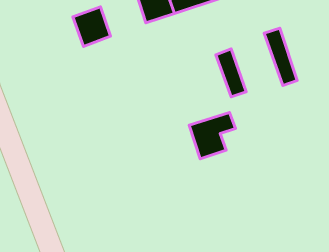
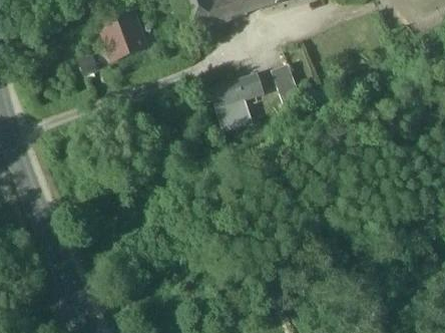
building: [264,28,297,86] -> none
building: [189,112,235,159] -> [208,72,264,127]

